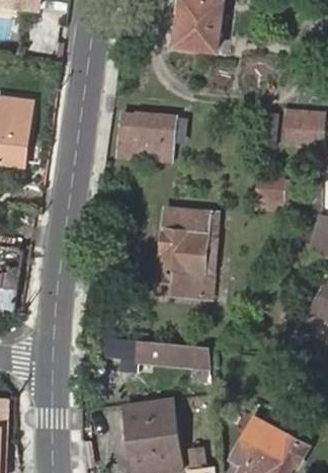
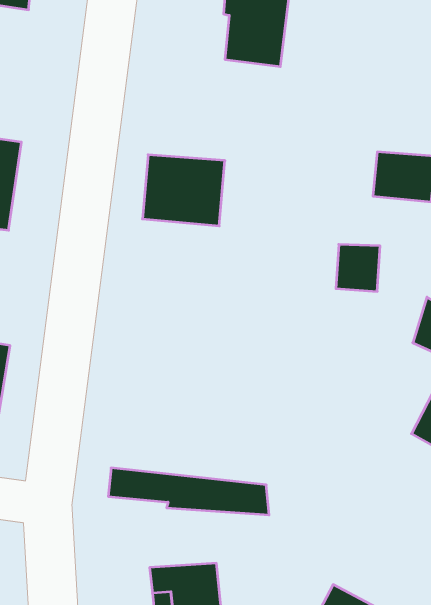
building: [157,209,220,297] -> none

